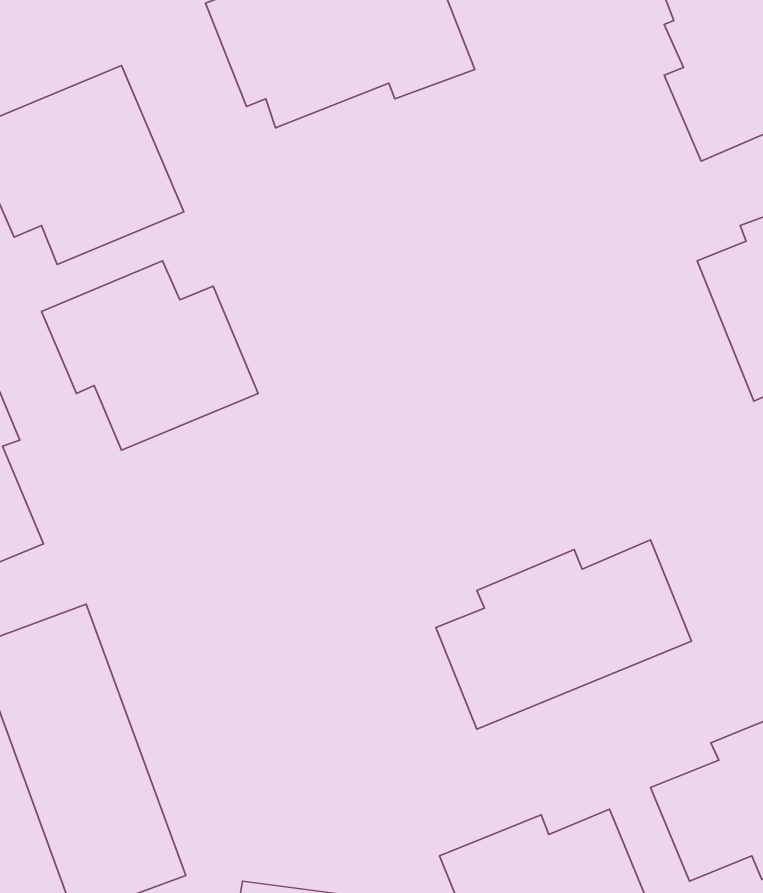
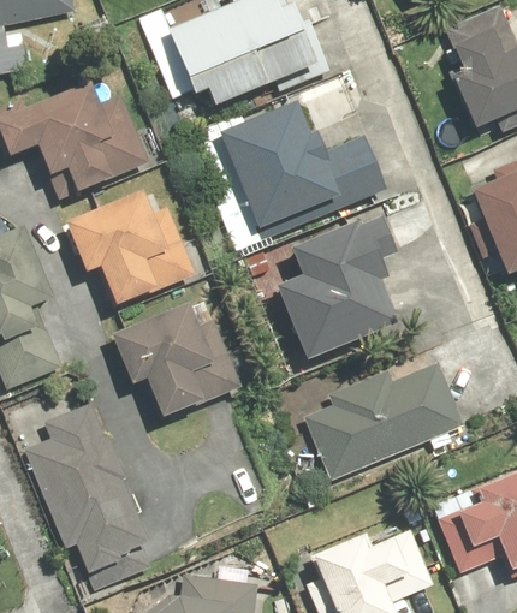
building: none -> [215,102,386,240]
building: none -> [273,214,394,361]
building: none -> [111,297,242,424]

